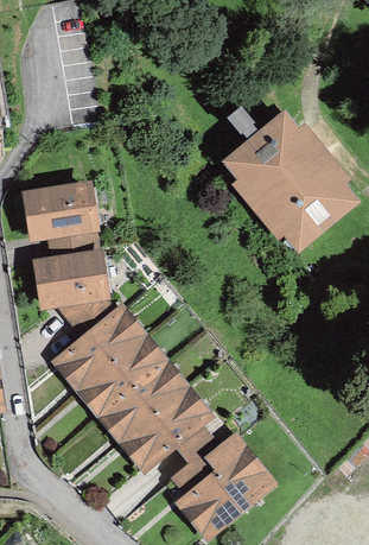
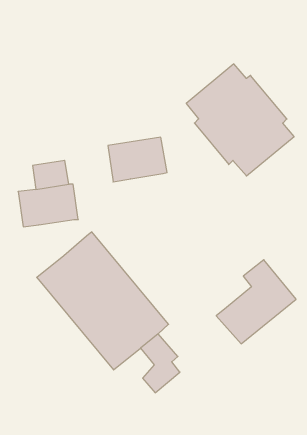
building: [27,186,95,237] -> [108,137,167,182]
building: [61,296,115,337] -> none
building: [182,439,273,536] -> [216,260,296,344]

